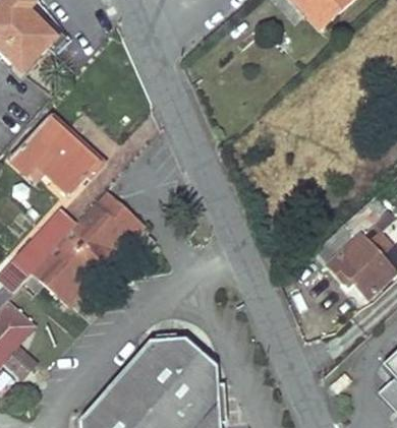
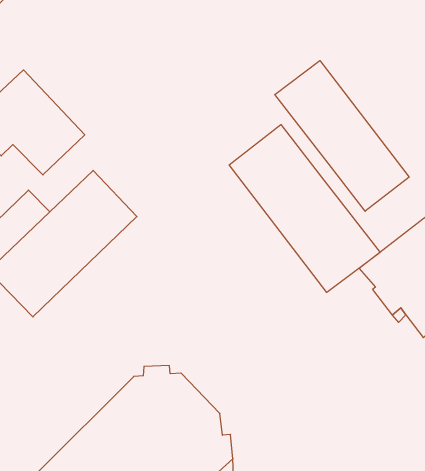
building: none -> [275,61,409,211]
building: none -> [229,125,380,292]

